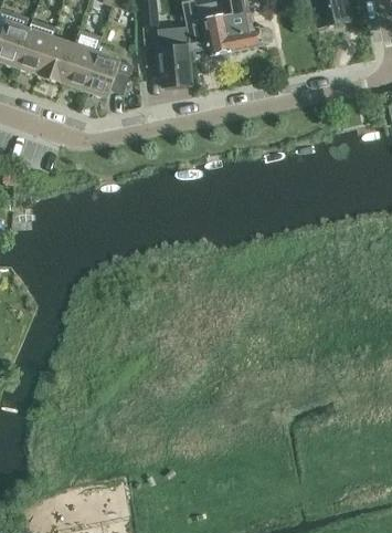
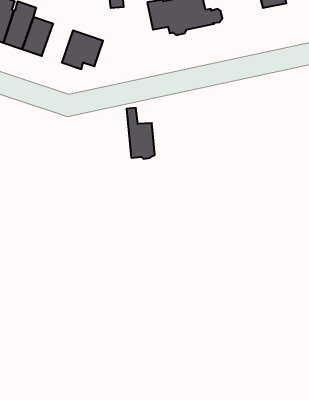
building: [158,27,191,86] -> [126,108,155,159]
building: [62,43,98,88] -> none

